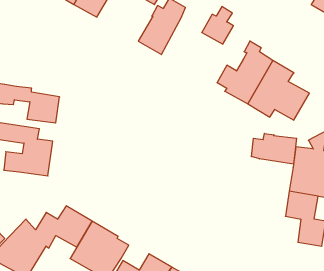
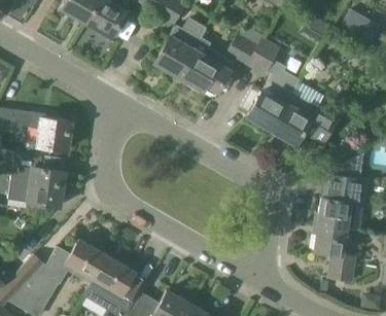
building: none -> [180,37,235,95]
building: none -> [246,40,281,78]
building: [251,133,297,164] -> none

